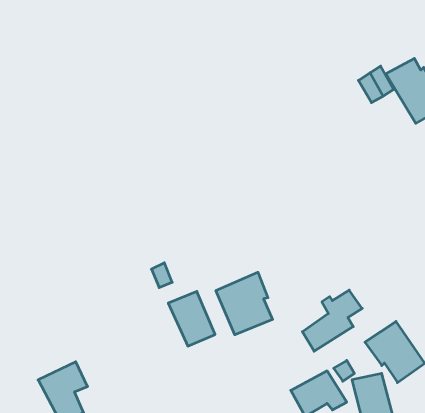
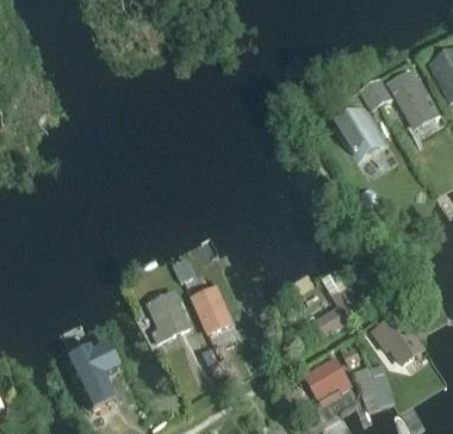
building: none -> [333,101,384,154]
building: [216,272,273,335] -> none
building: none -> [147,290,190,341]

